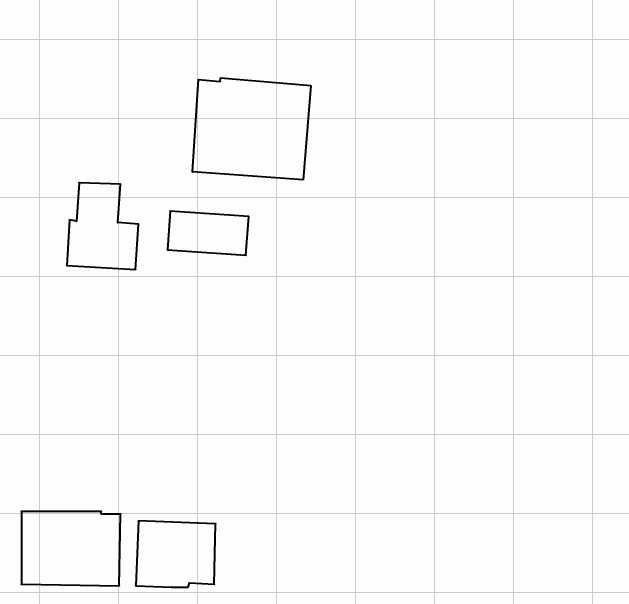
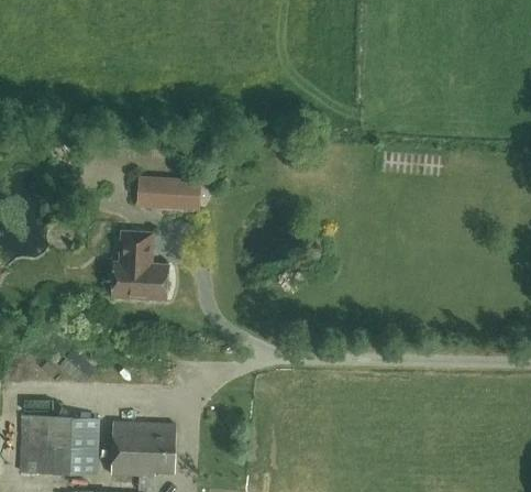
building: [192,78,311,180] -> none
building: [67,183,138,269] -> [111,231,168,300]

